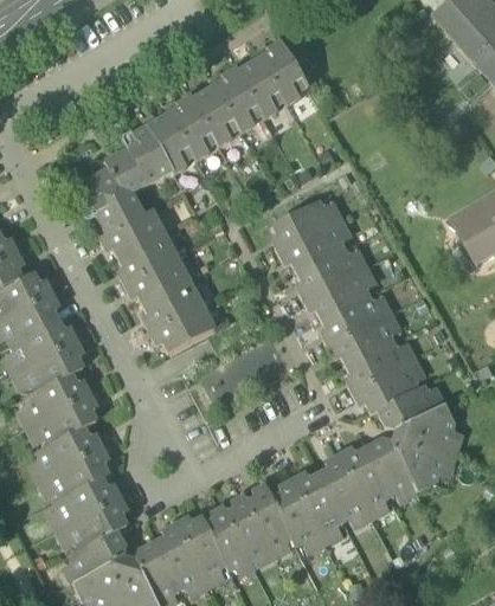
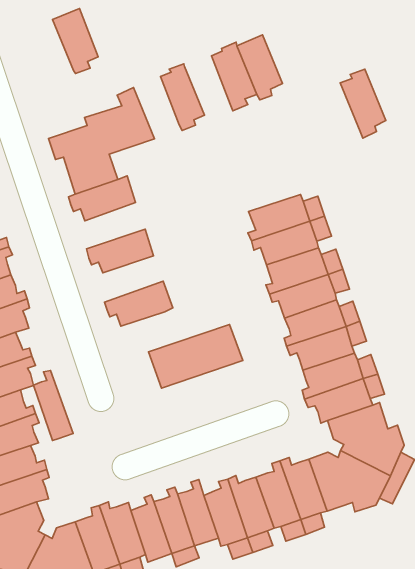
building: [258,40,307,105] -> [340,69,386,138]
building: [189,84,238,146] -> none
building: [144,111,193,173] -> [52,9,98,73]
building: [117,233,176,284] -> none
building: [142,281,201,331] -> none
building: none -> [34,371,73,440]

